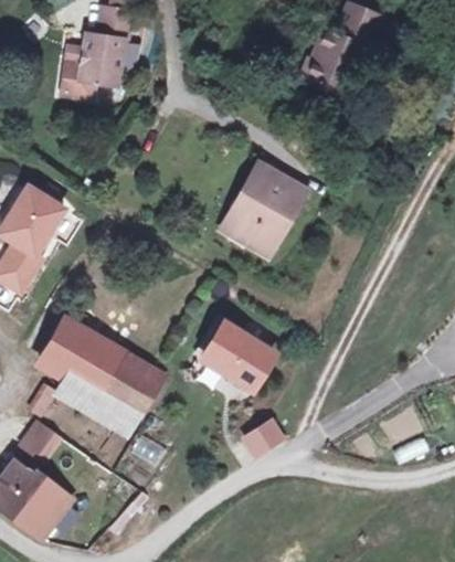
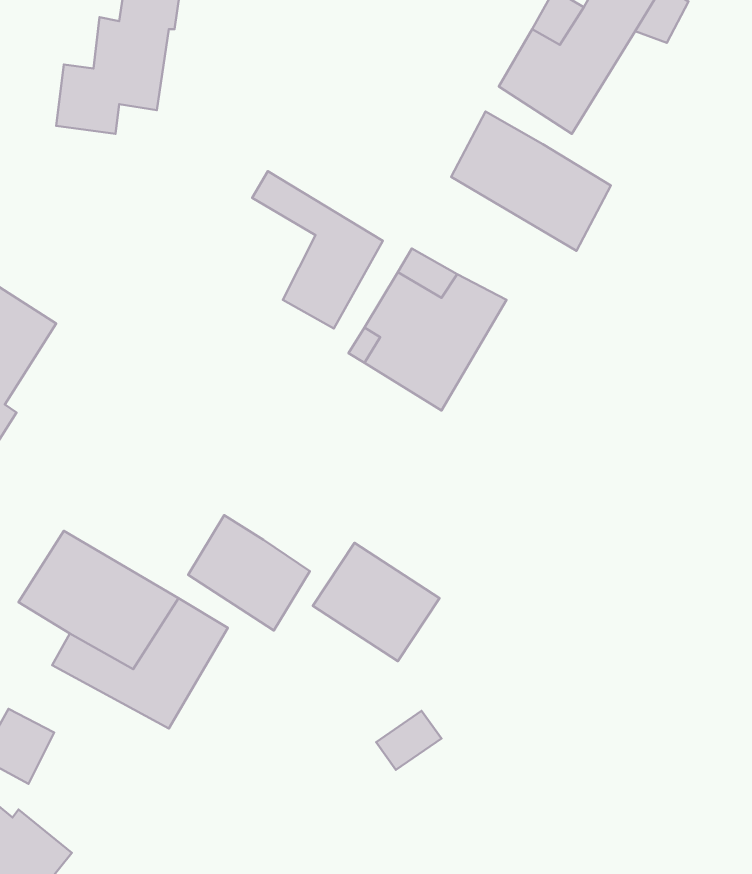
building: none -> [451,112,611,251]
building: none -> [252,171,383,328]
building: none -> [188,515,310,631]

